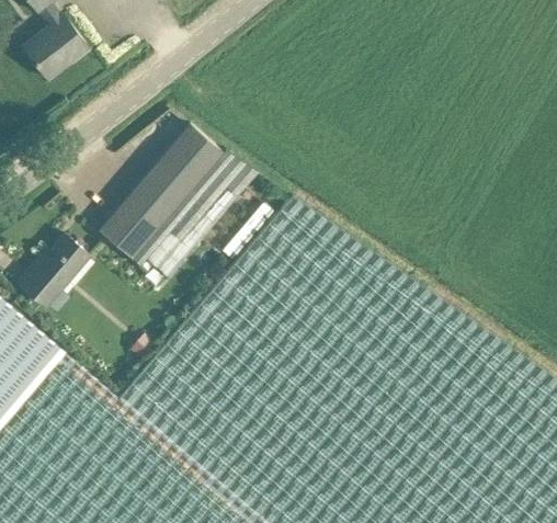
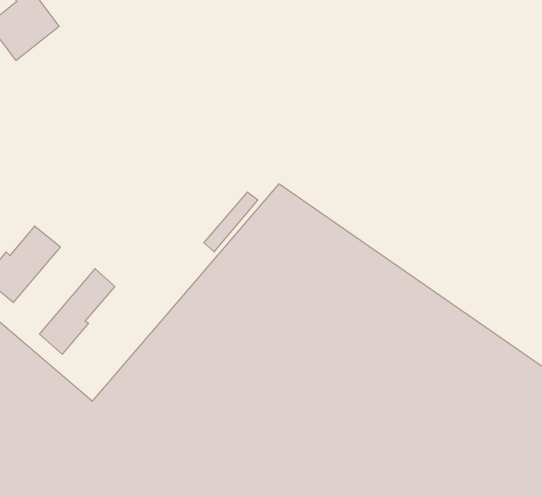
building: [99,123,258,276] -> none
building: none -> [39,269,115,354]

